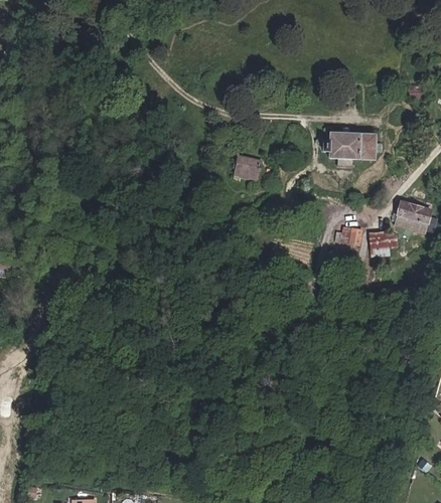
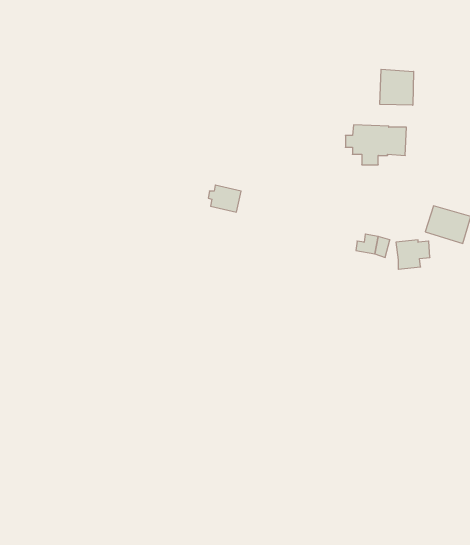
building: none -> [380,69,414,105]
building: [234,155,262,178] -> [208,185,241,212]

